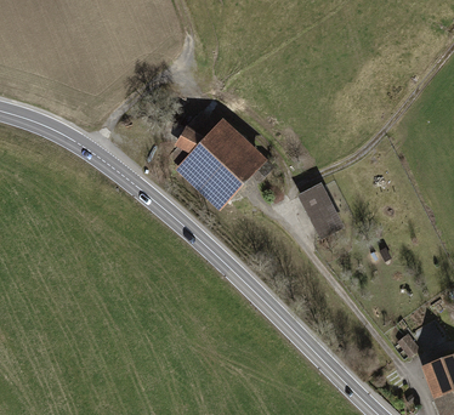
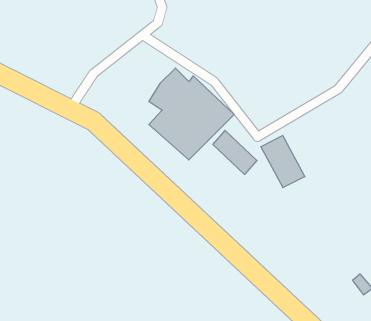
building: none -> [213,130,257,174]

